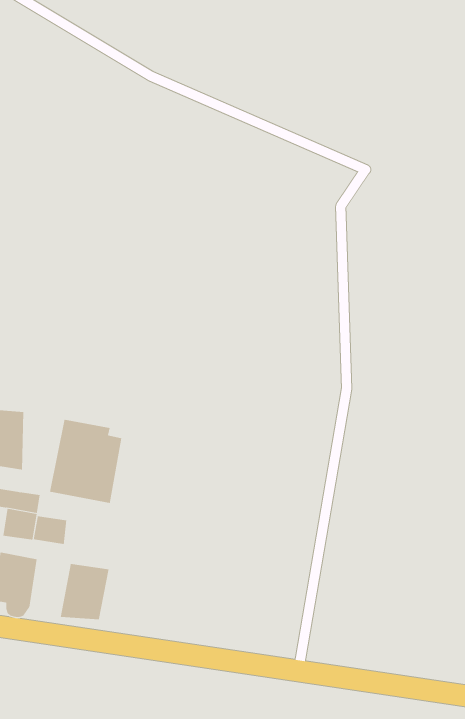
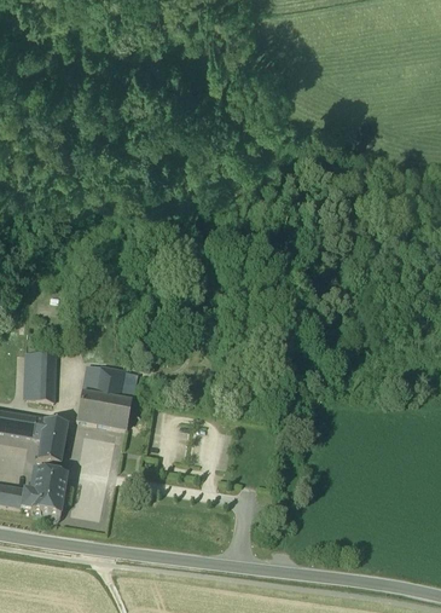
building: [33,515,67,545] -> none
building: [60,563,109,620] -> none

